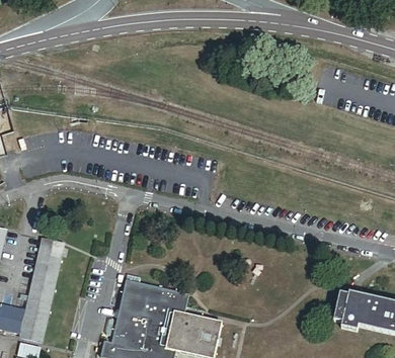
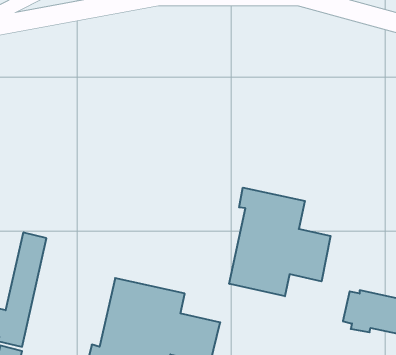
building: none -> [229,188,331,296]

